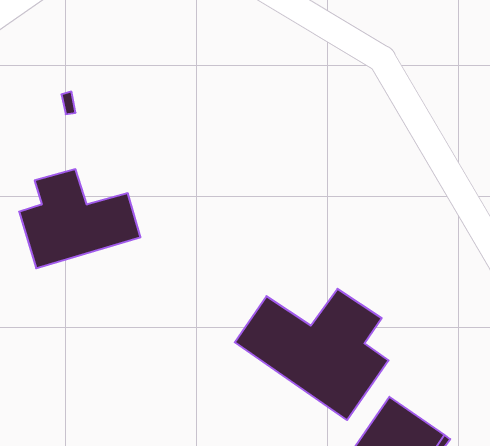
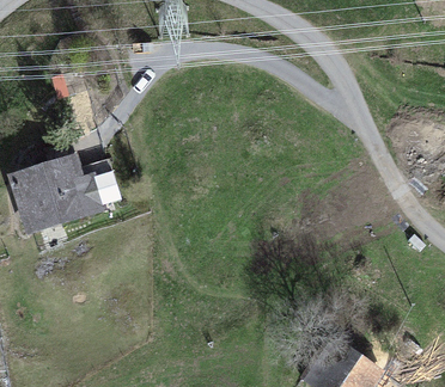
building: [235,289,389,420] -> none

